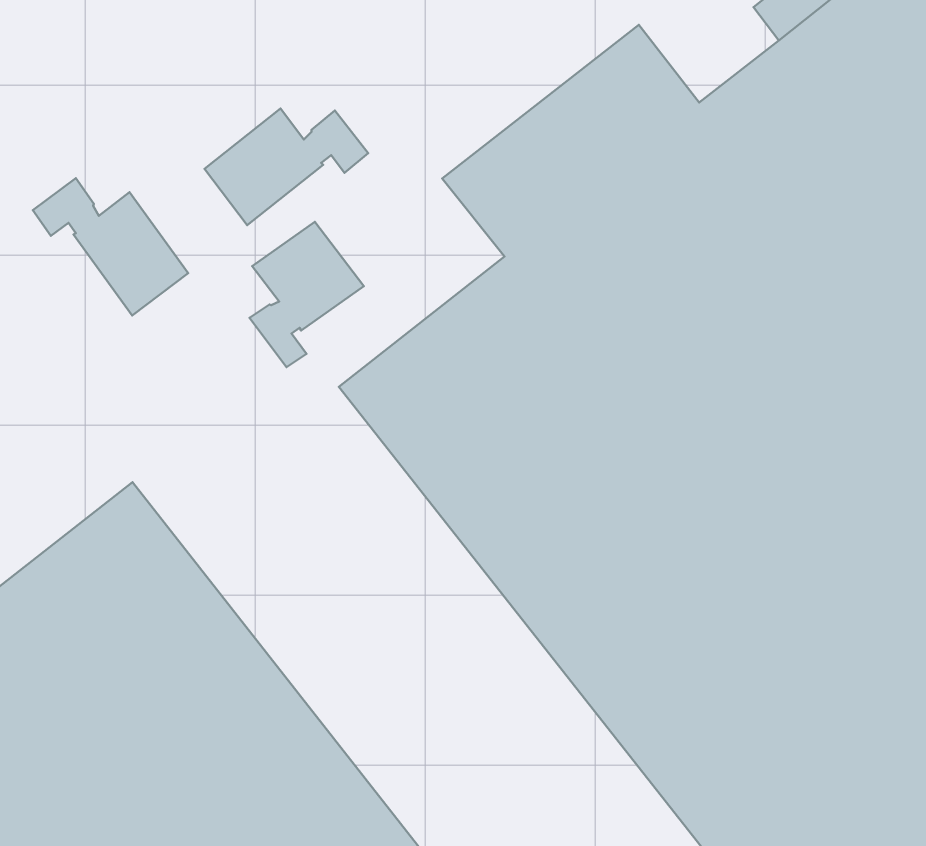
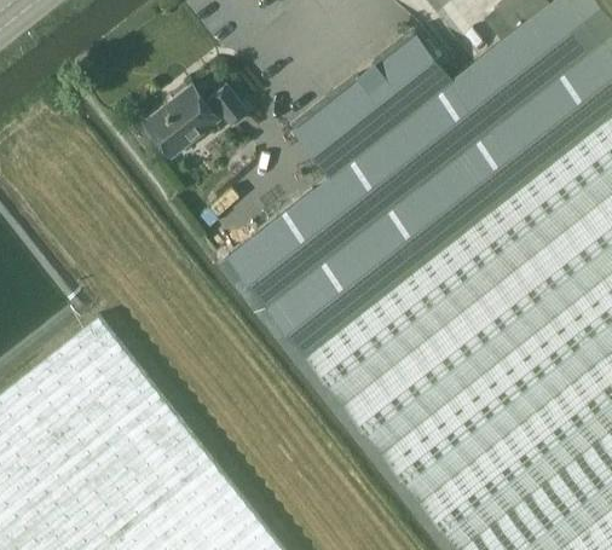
building: [33,178,188,315] -> none
building: [249,222,364,367] -> none

